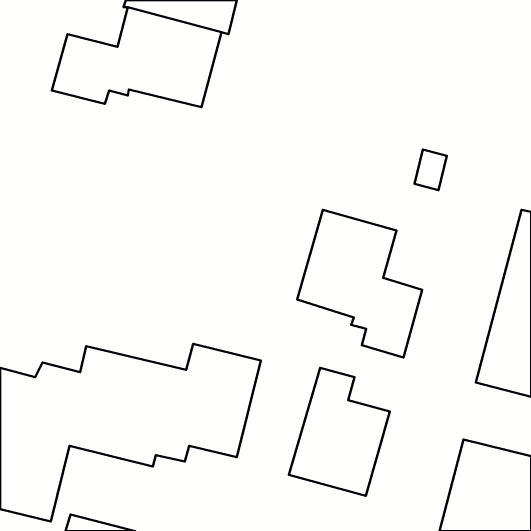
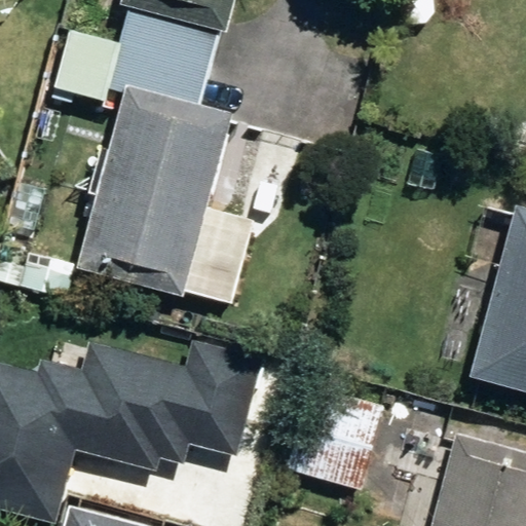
building: none -> [80,88,229,297]
building: [297,210,422,358] -> none

